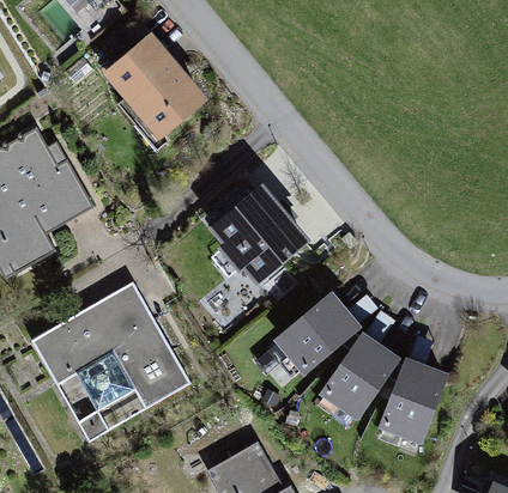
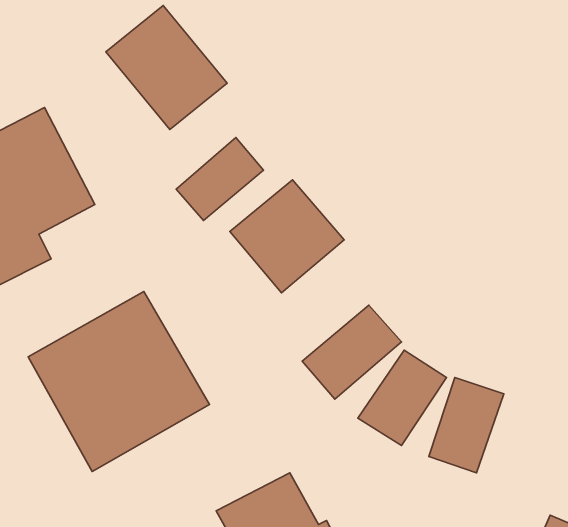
building: none -> [176,138,263,220]

